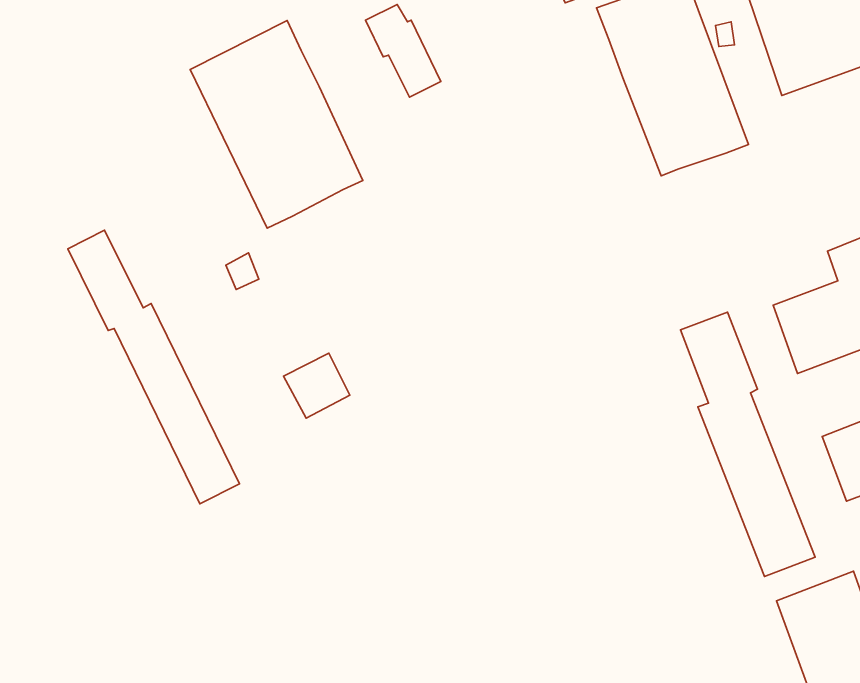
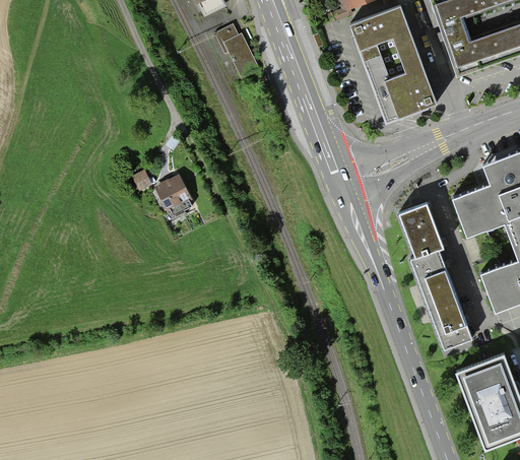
building: [190,20,363,228] -> none
building: [68,230,240,504] -> none
building: [283,353,350,418] -> [157,173,196,210]

